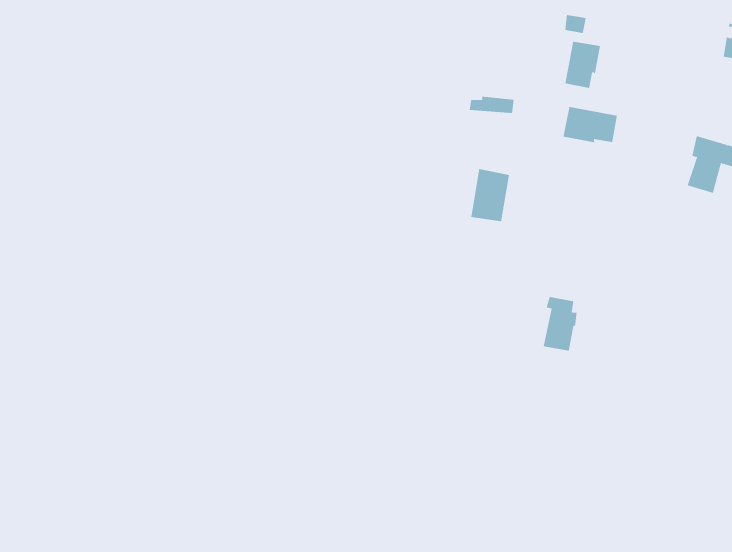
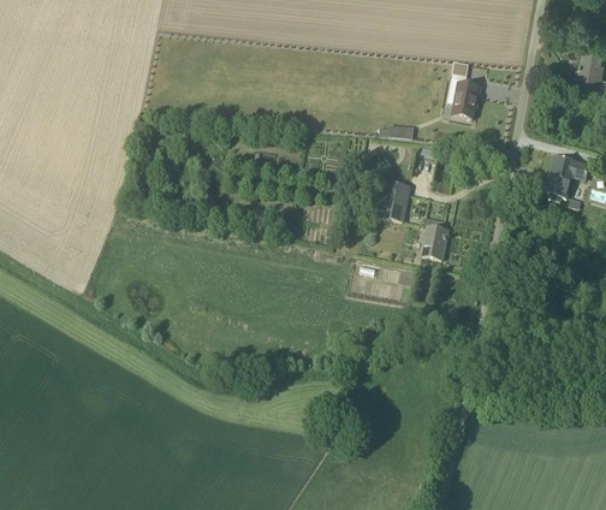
building: [563,106,618,144] -> none
building: [543,296,577,351] -> [421,217,447,259]

